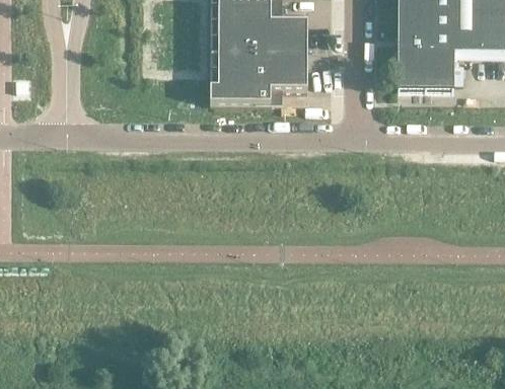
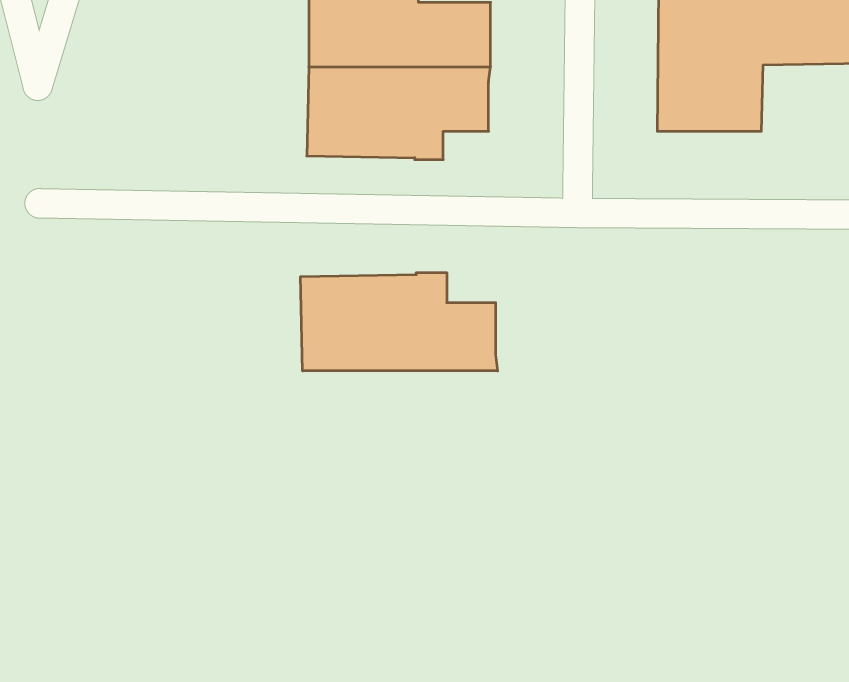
building: none -> [301,273,498,371]

